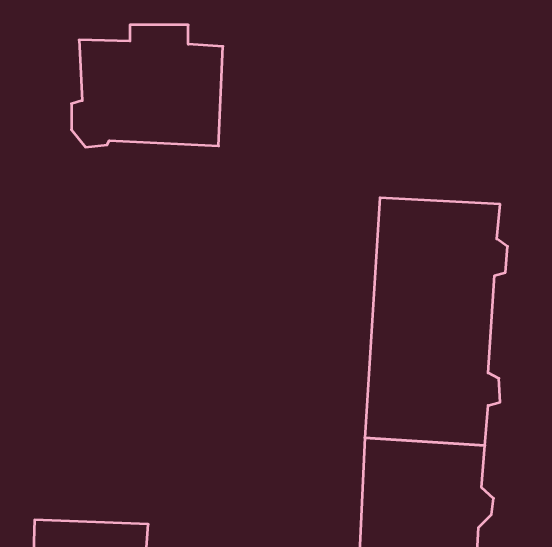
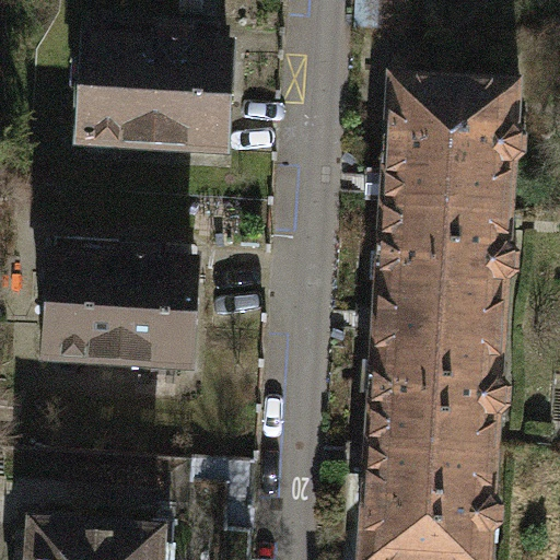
building: none -> [384,79,521,212]
building: none -> [34,238,189,372]

